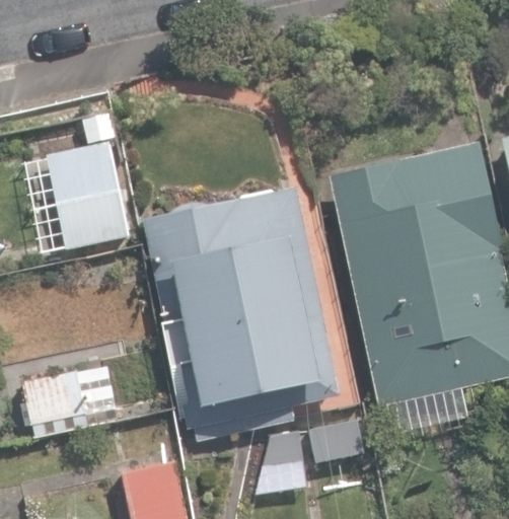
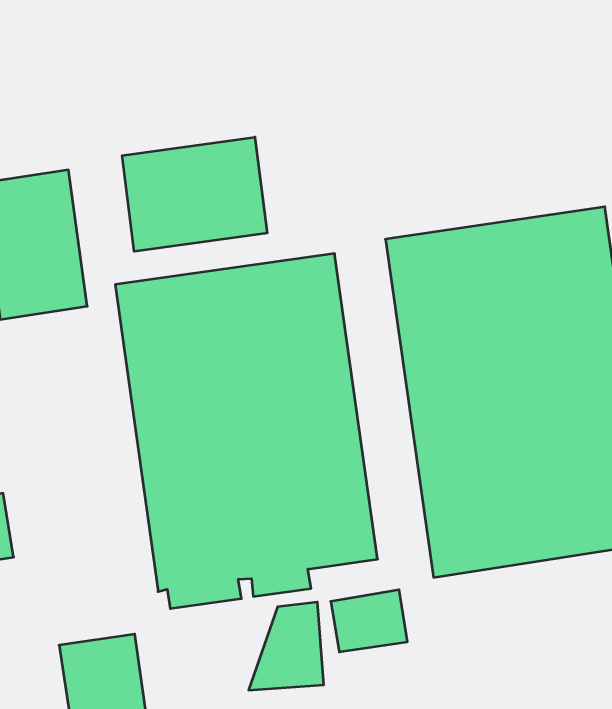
building: none -> [122,137,267,251]

